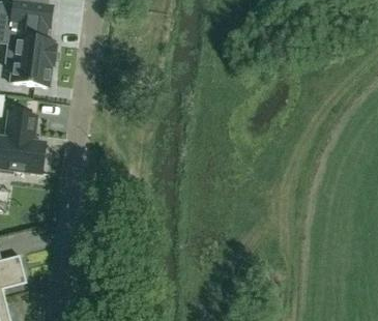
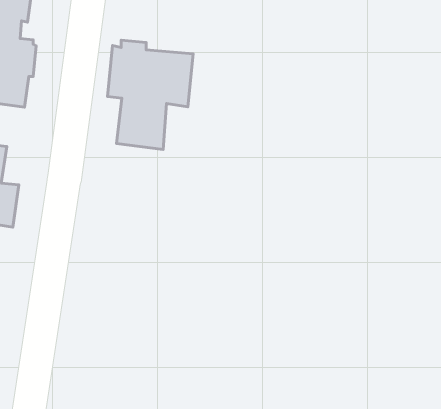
building: none -> [108,40,193,149]

